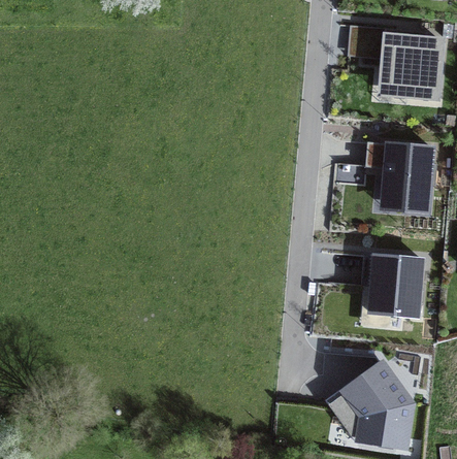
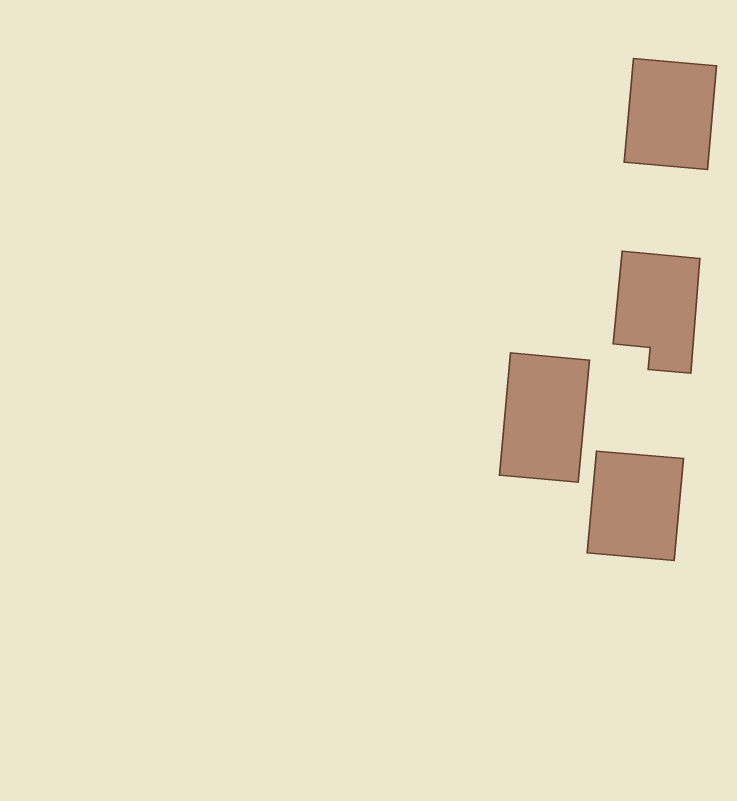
building: none -> [500,353,589,482]
building: [328,364,411,445] -> none

